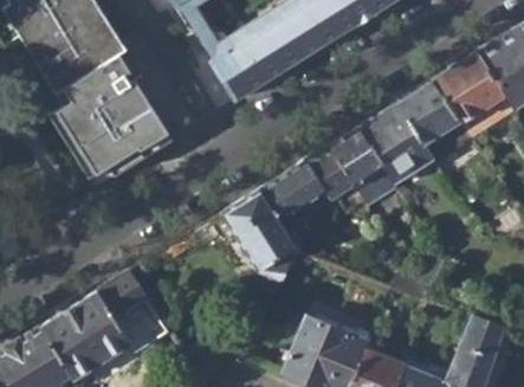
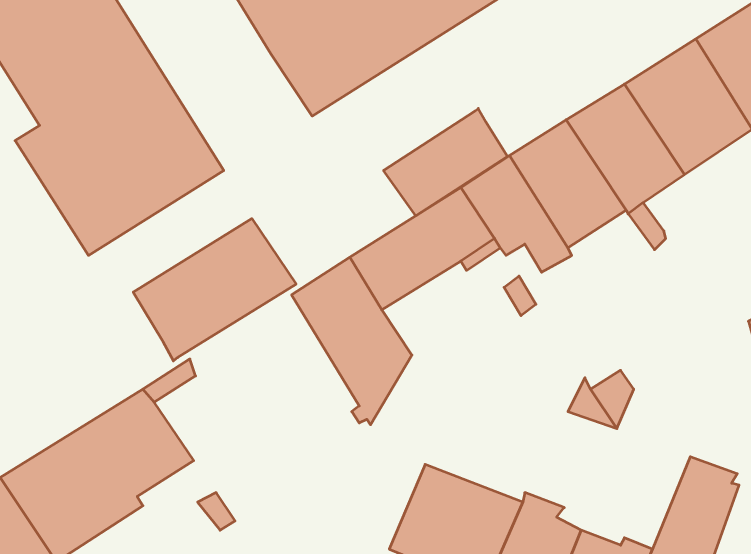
building: none -> [384,108,507,216]
building: none -> [133,219,296,361]

